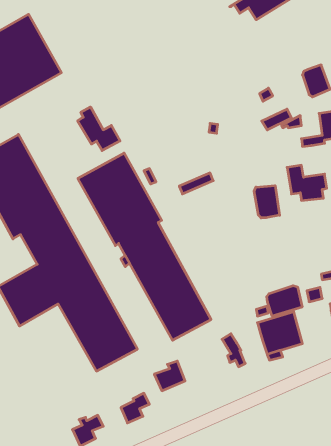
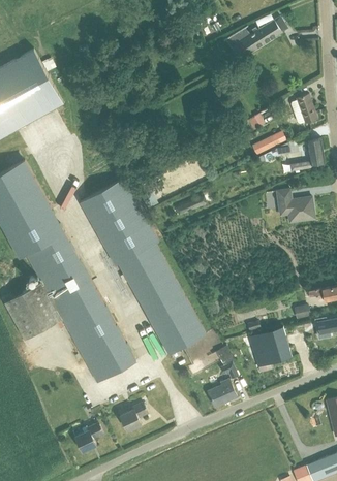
building: [78,107,120,151] -> none
building: [254,186,280,218] -> none
building: [267,286,302,316] -> none
building: [154,361,185,391] -> [207,379,236,407]

